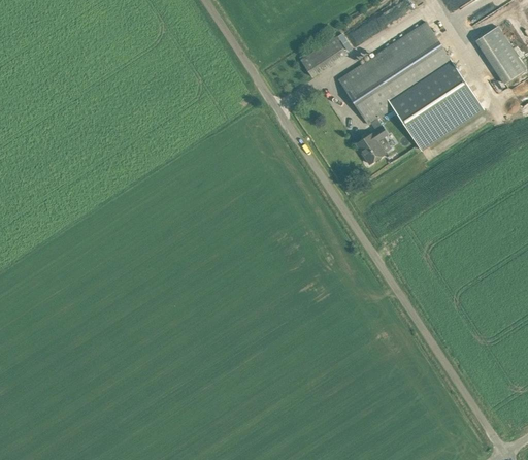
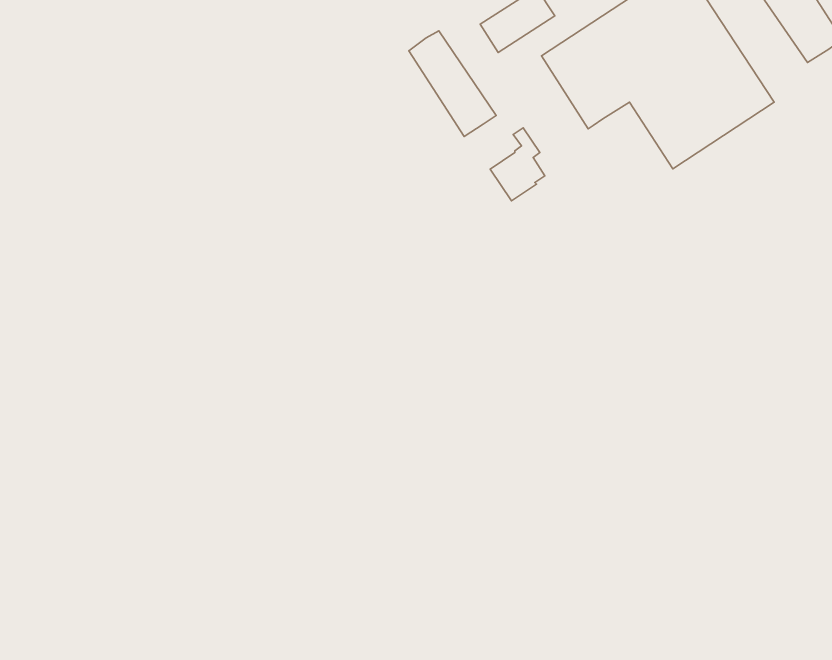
building: none -> [409,31,496,136]
building: [356,119,390,164] -> [490,128,545,201]

